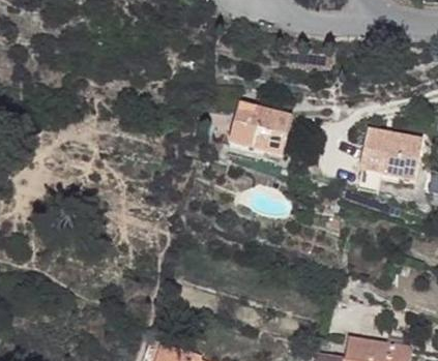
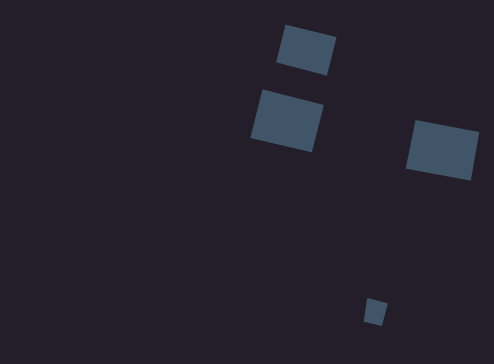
building: none -> [276,24,337,77]

